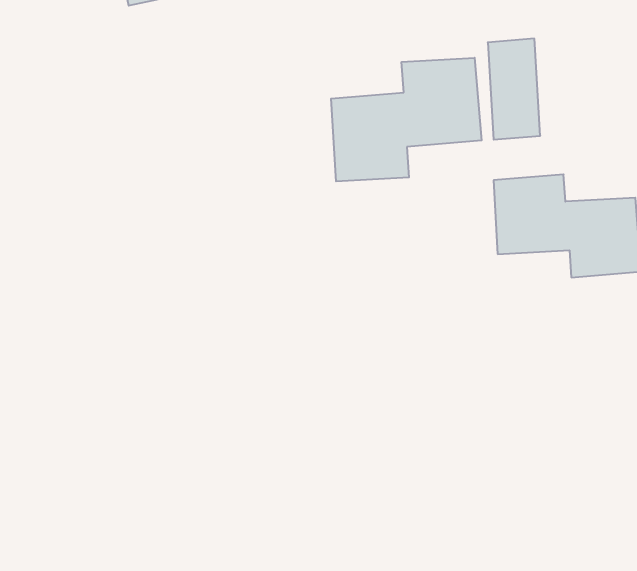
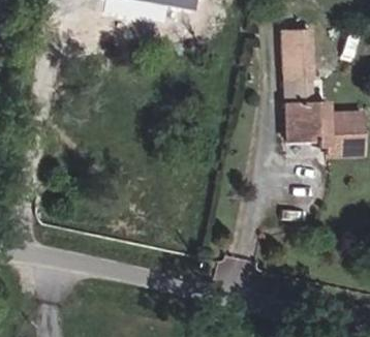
building: [331,58,482,181] -> none

